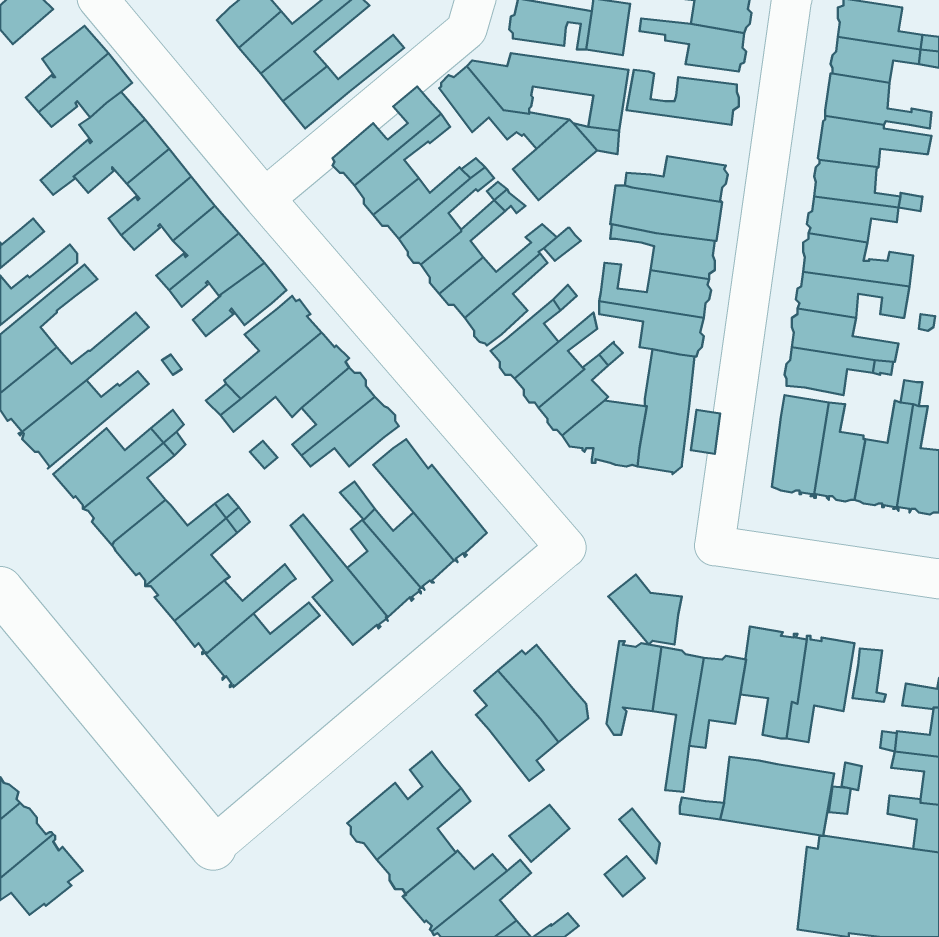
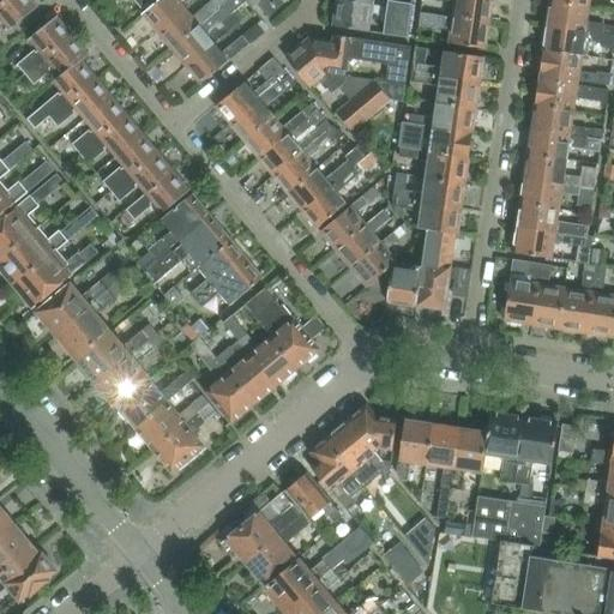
building: none -> [408,72,478,108]
building: [608,575,682,644] -> [348,404,396,450]
building: none -> [152,402,216,470]
building: none -> [285,471,341,520]

